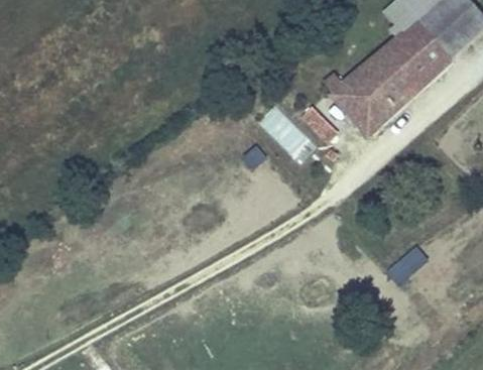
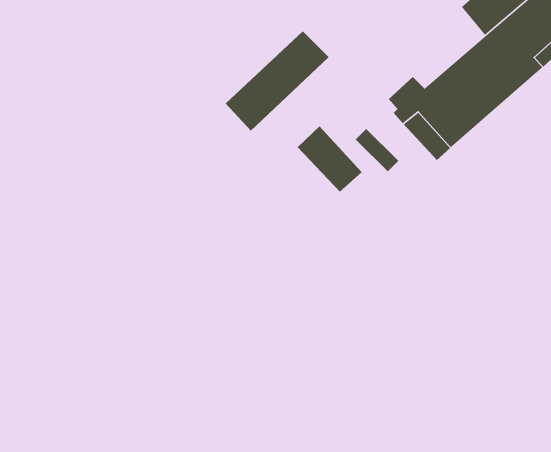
building: none -> [225,31,329,131]

